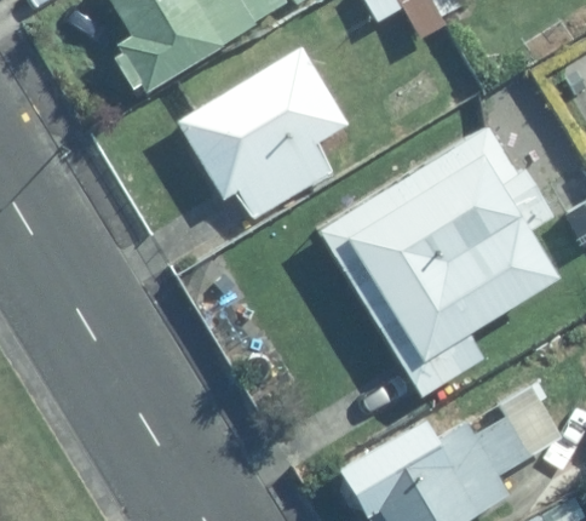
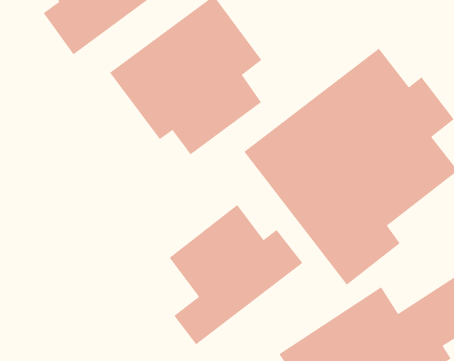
building: none -> [169,204,303,345]

